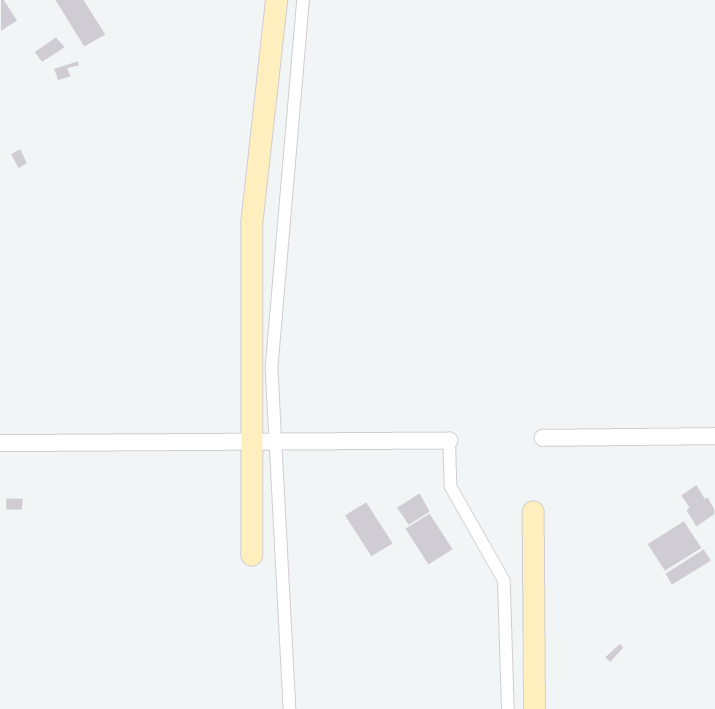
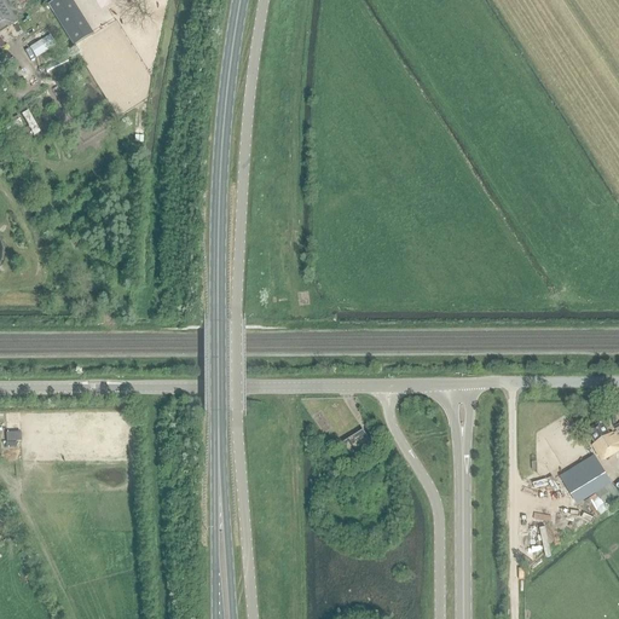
building: [344,501,394,557] -> none
building: [404,513,454,566] -> none

